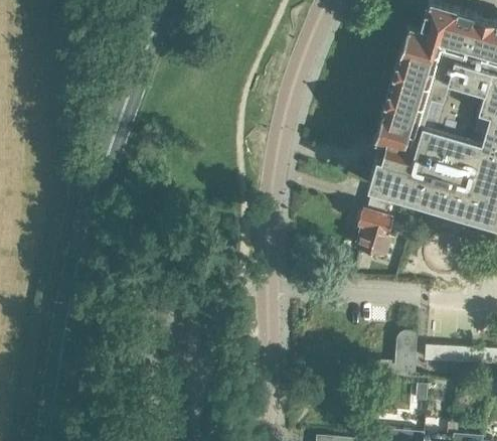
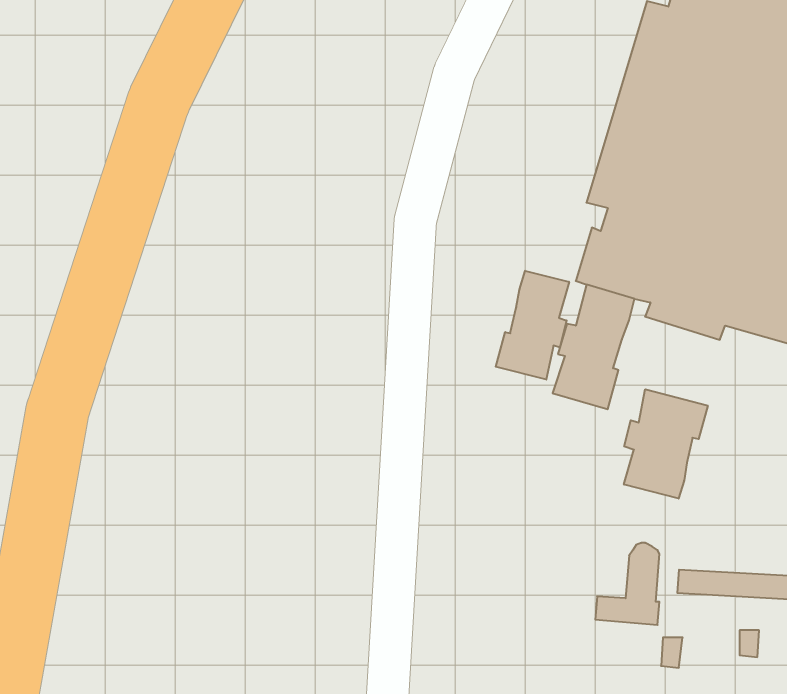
building: none -> [496,271,569,380]
building: none -> [624,389,708,499]

